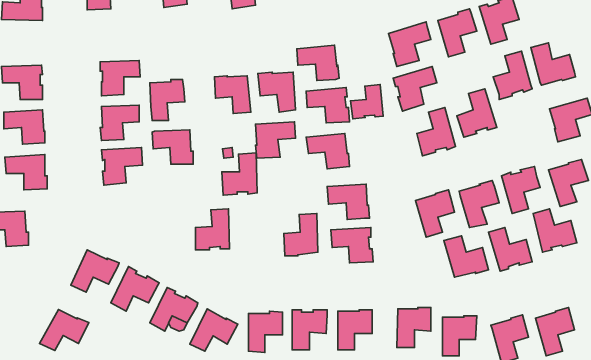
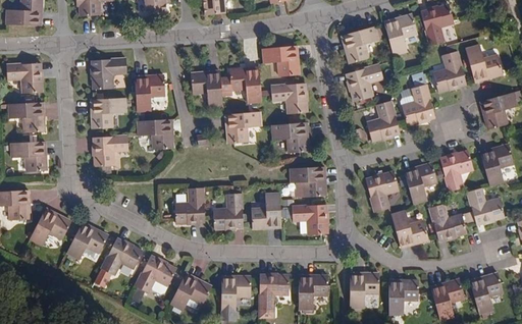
building: [350,84,383,119] -> none
building: [222,153,257,195] -> [212,193,243,229]
building: [40,309,89,351] -> [29,210,71,246]

